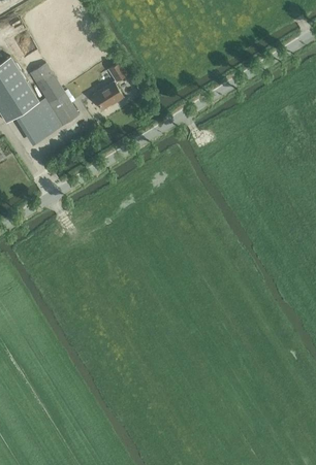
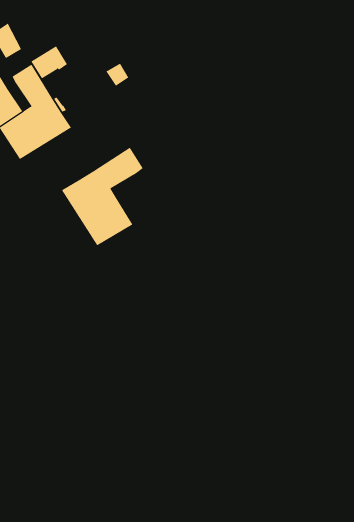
building: [92,81,123,109] -> [30,45,68,79]
building: none -> [61,147,143,246]

